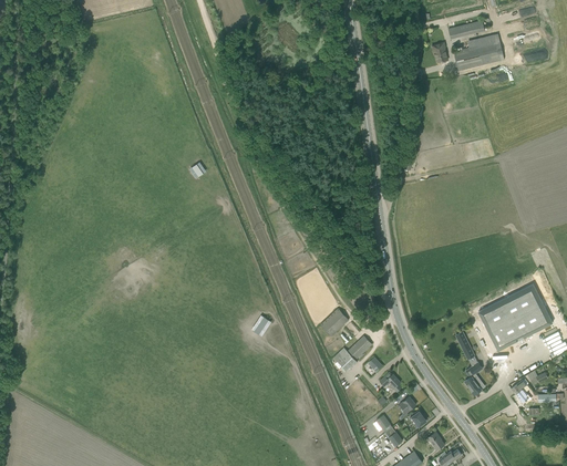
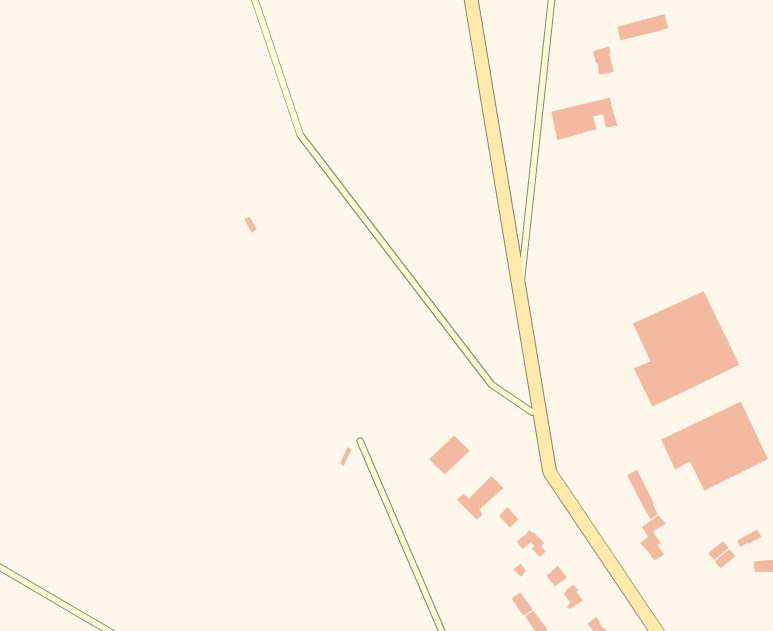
building: [453,41,499,71] -> [550,97,618,141]
building: none -> [632,290,740,407]

